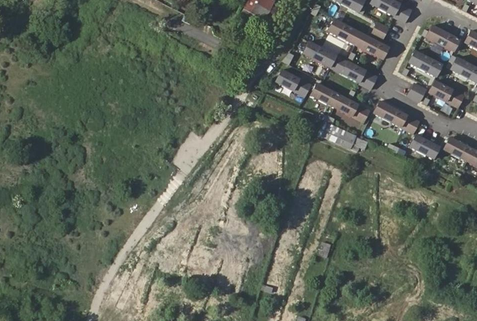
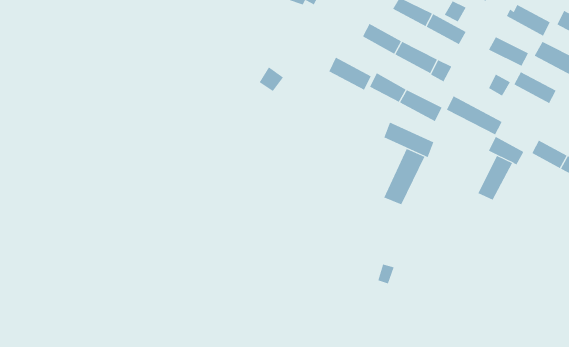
building: none -> [384,148,425,205]
building: none -> [477,155,513,201]

